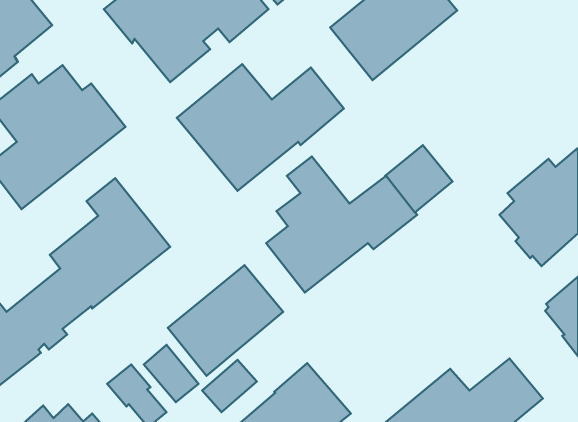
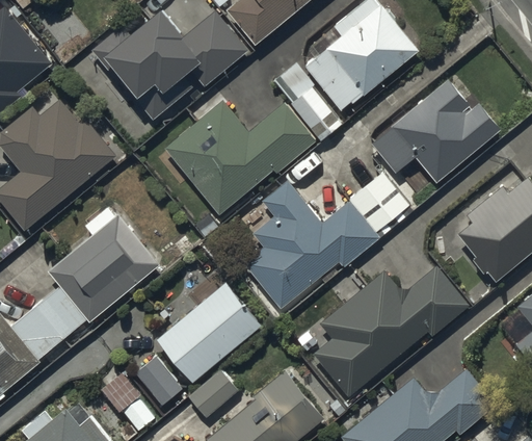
building: none -> [273,62,343,141]
building: none -> [372,81,500,184]
building: none -> [313,267,468,397]

